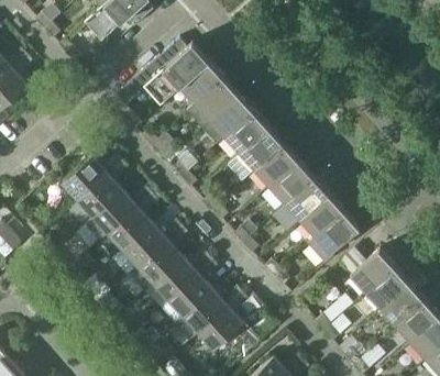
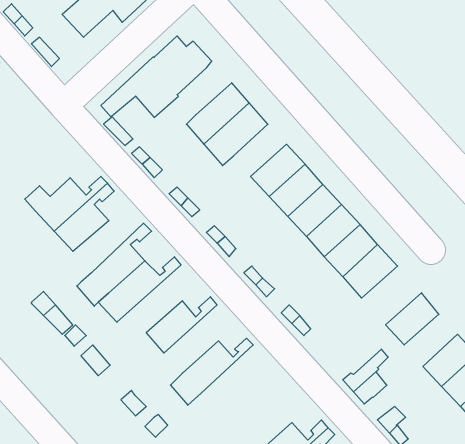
building: [178,59,223,103] -> none
building: [224,111,268,154] -> none
building: [84,187,151,241] -> none
building: [129,226,187,290] -> none
building: [167,259,217,316] -> none
building: [365,267,409,310] -> none
building: [198,292,248,349] -> none

